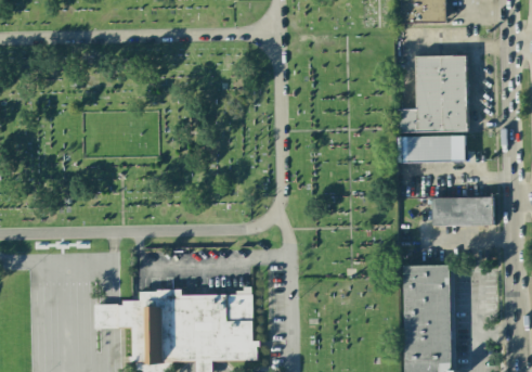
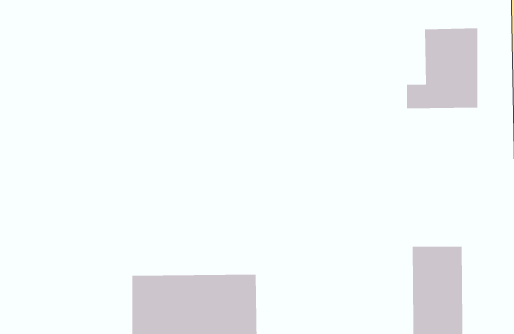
building: [399,137,465,163] -> none
building: [430,198,493,228] -> none

